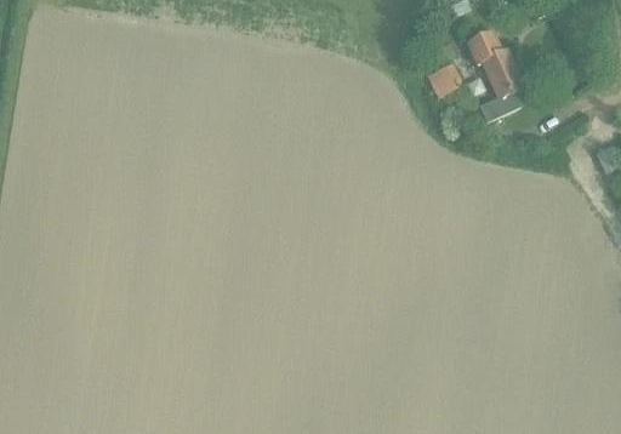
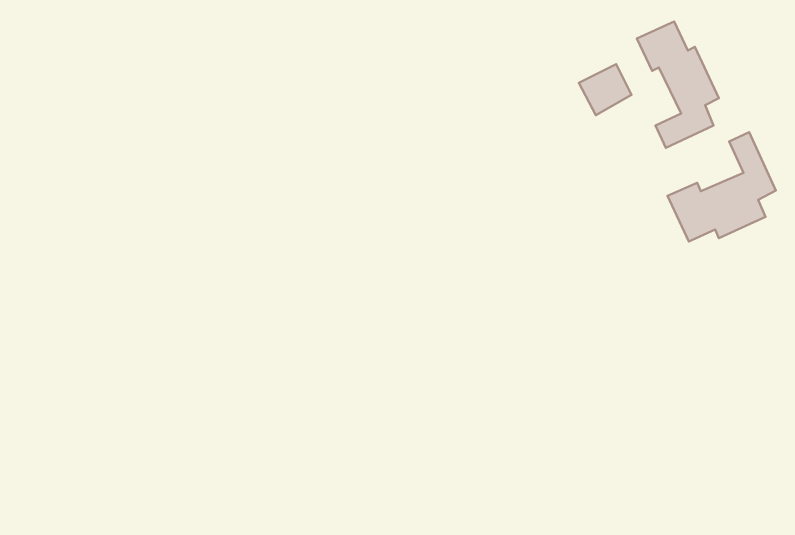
building: none -> [667,132,776,242]

